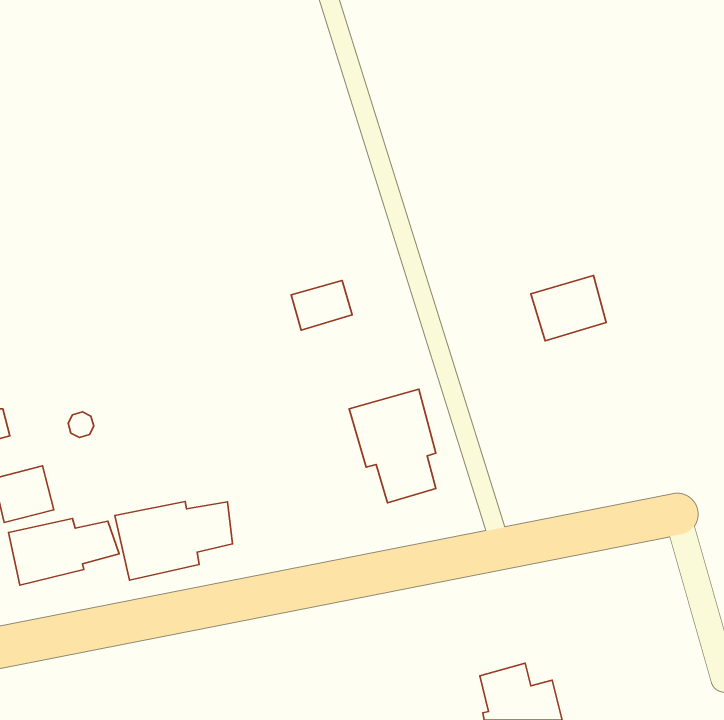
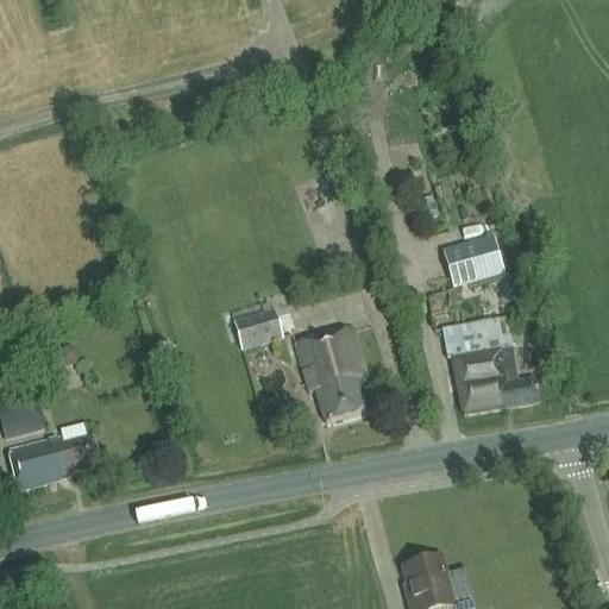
building: [291,281,352,330] -> [232,308,283,350]
building: none -> [442,316,539,415]
building: [115,502,233,580] -> none

